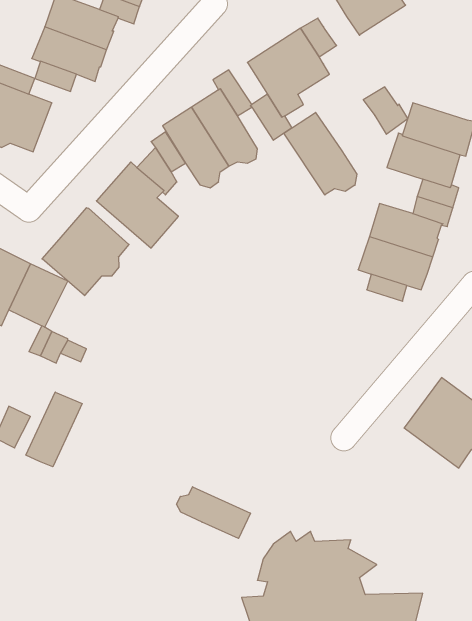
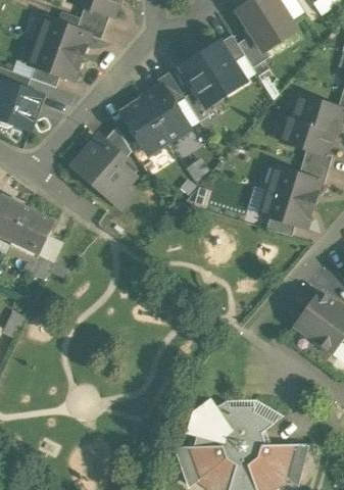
building: [363,87,408,134] -> [237,33,268,66]
building: [284,112,357,195] -> none
building: [42,208,129,296] -> none
building: [26,392,82,467] -> none
building: [177,487,250,538] -> none

